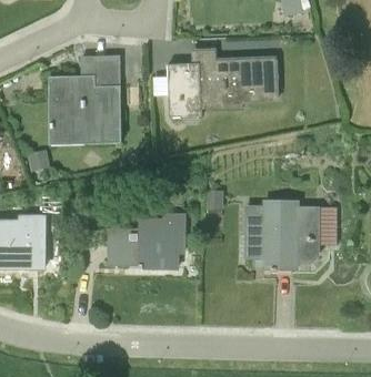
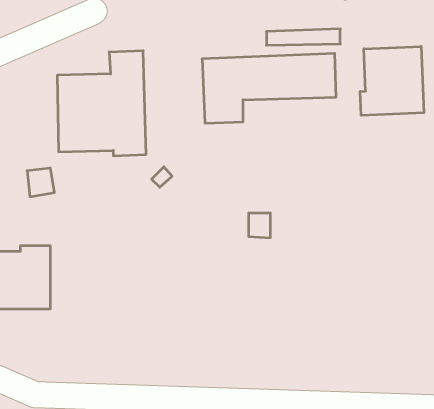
building: none -> [360,46,424,115]
building: [244,201,337,268] -> none
building: [109,213,182,267] -> none

